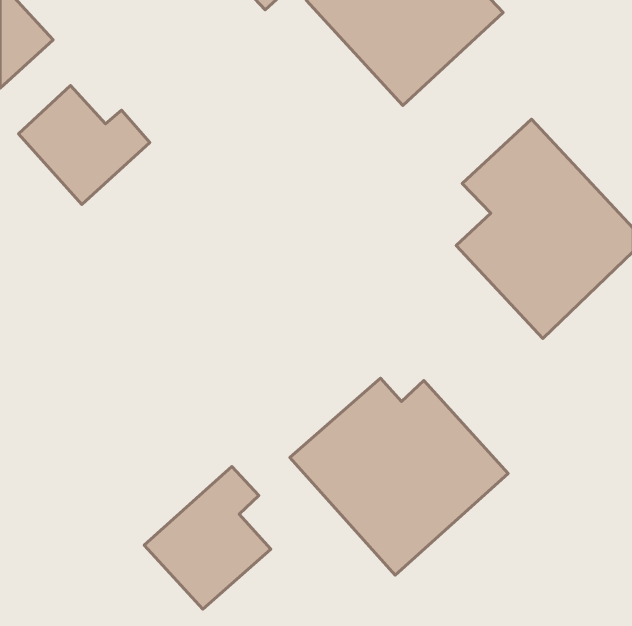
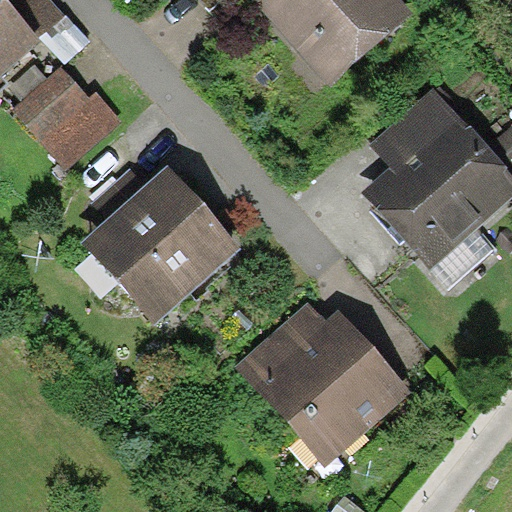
building: none -> [84,166,238,319]
building: [144,467,271,609] -> none

